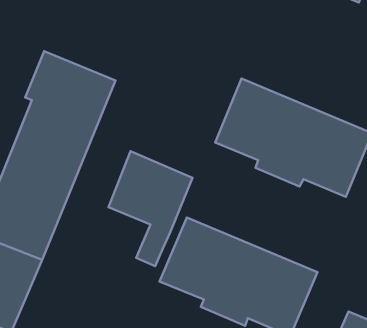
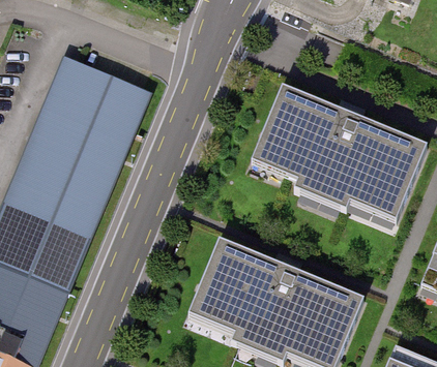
building: [108,151,193,266] -> none

